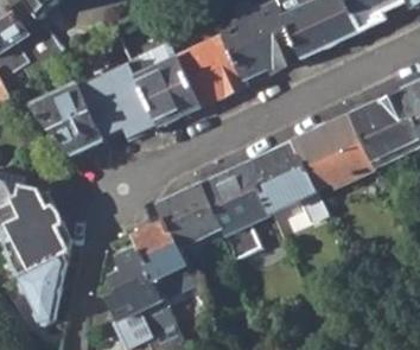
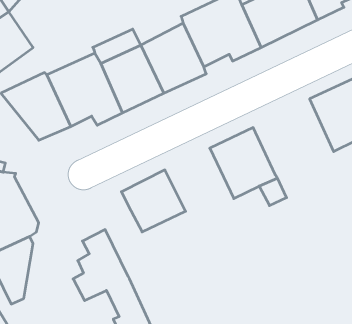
building: [291,112,375,190] -> none
building: [199,163,271,260] -> none
building: [132,222,191,295] -> none

